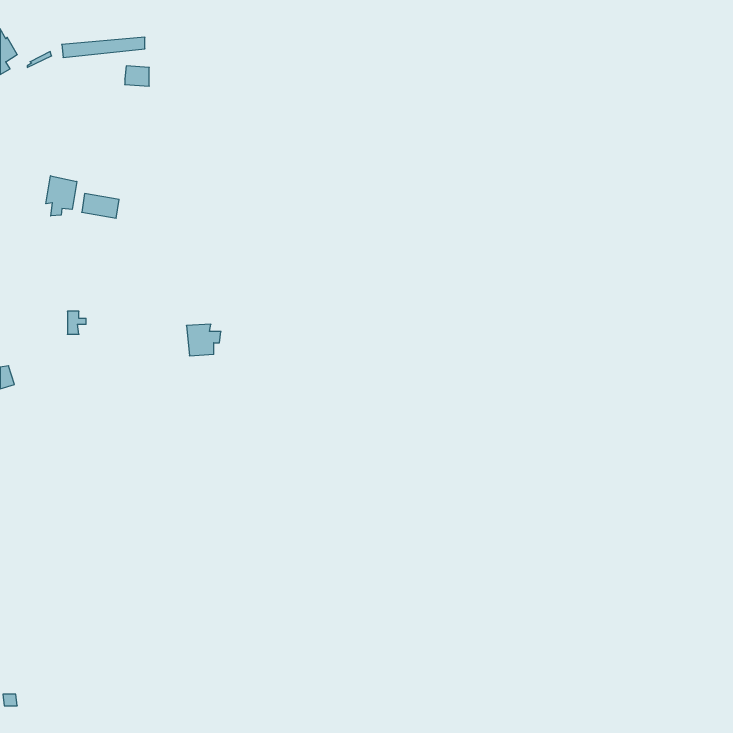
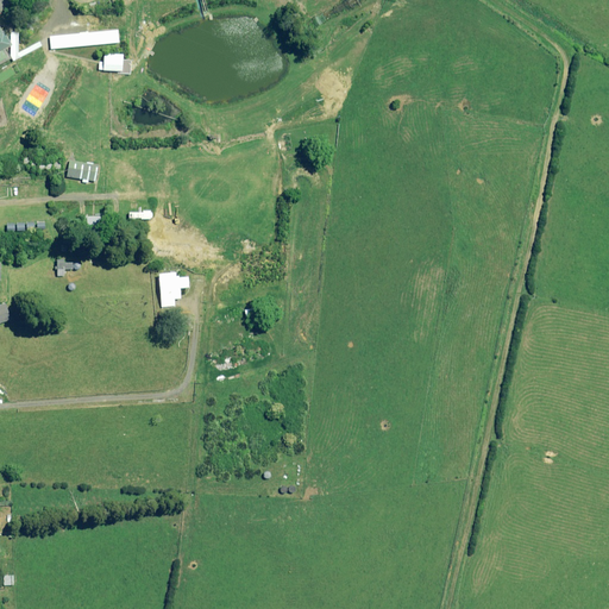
building: [46,176,77,216] -> none

